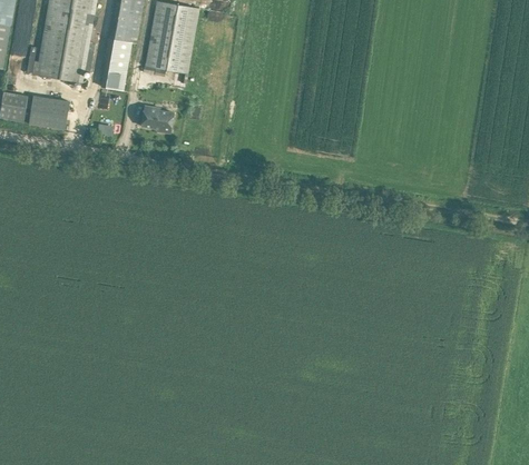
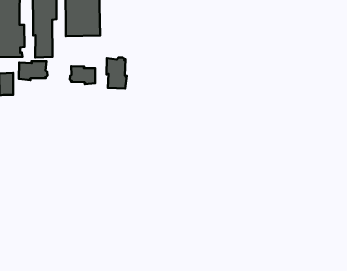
building: none -> [19,61,47,80]
building: none -> [106,57,127,89]

